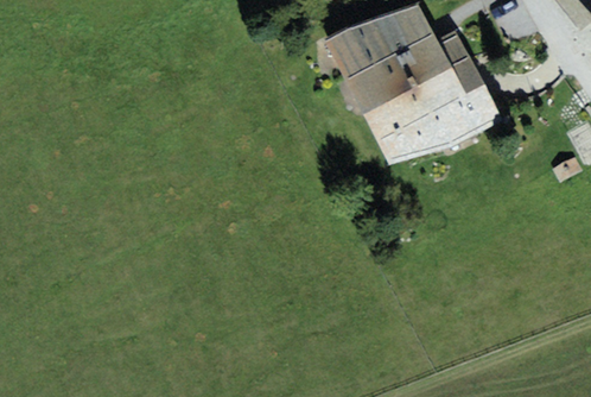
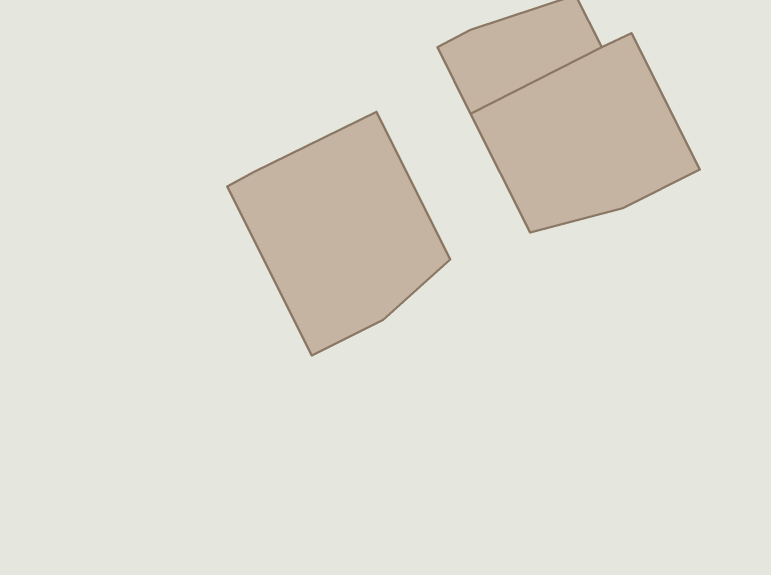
building: none -> [227,112,450,356]

